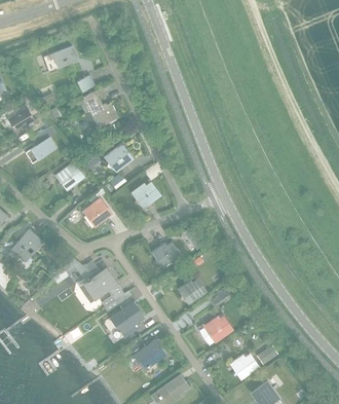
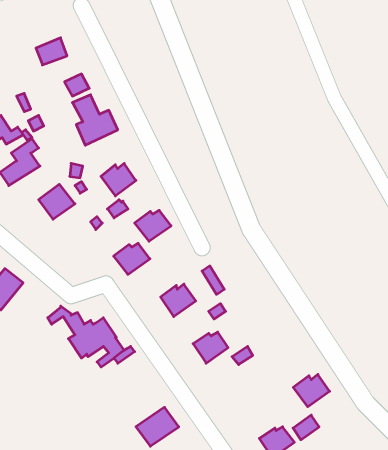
building: [82,200,111,225] -> [114,243,150,274]
building: [110,301,143,337] -> none
building: [203,316,232,341] -> [293,374,330,407]

